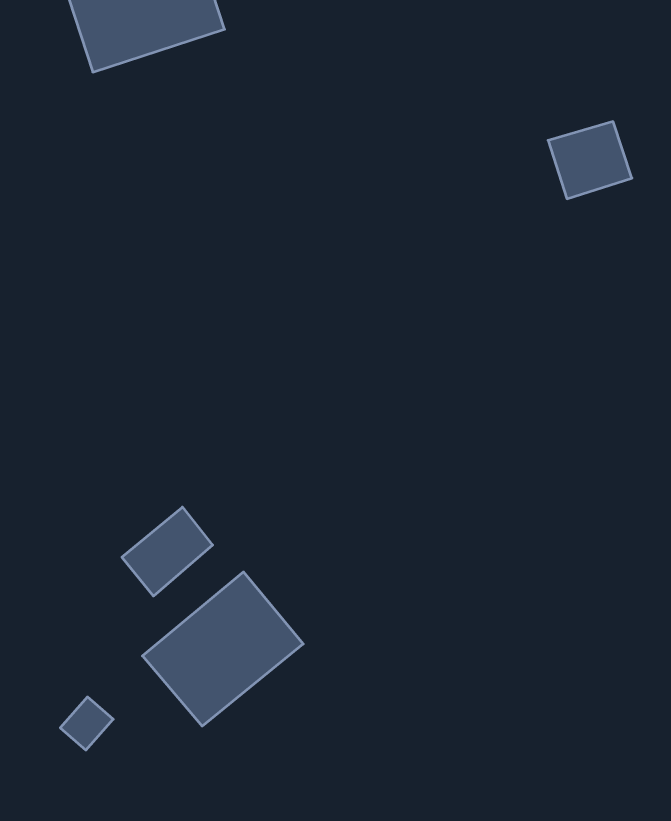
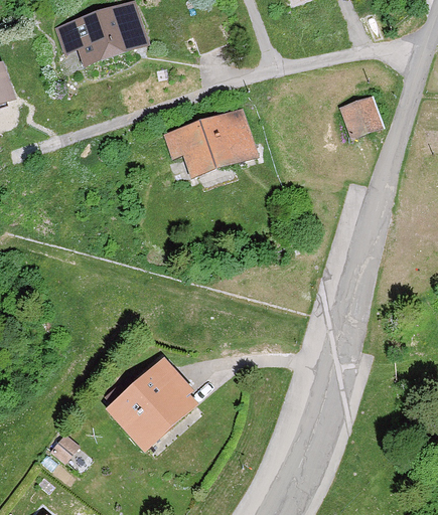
building: none -> [166,107,262,177]
building: [122,507,213,596] -> none

